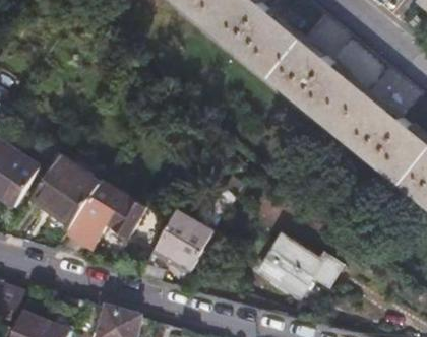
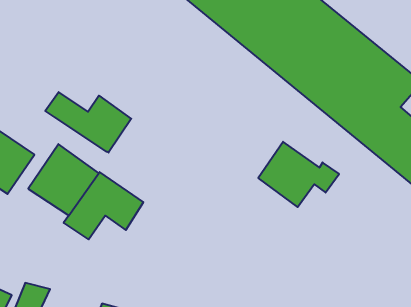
building: none -> [45,92,131,153]
building: [148,213,210,270] -> none
building: [251,233,330,297] -> [258,142,339,207]

